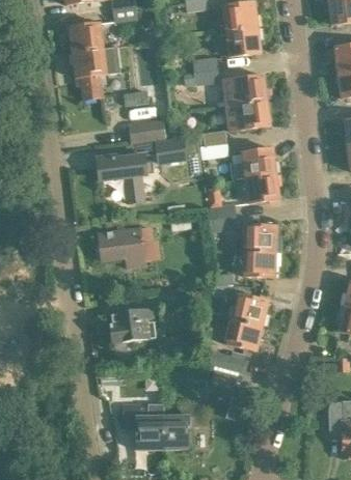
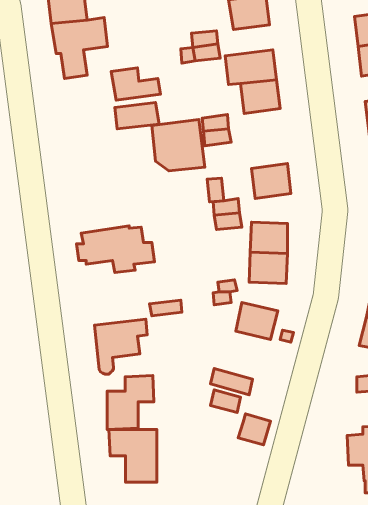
building: [230,147,276,177] -> none
building: [97,154,145,201] -> none
building: [225,317,262,349] -> none
building: [163,401,204,448] -> [107,376,154,429]

